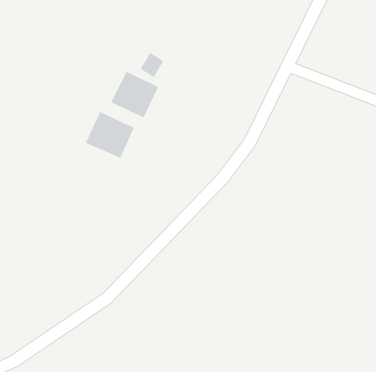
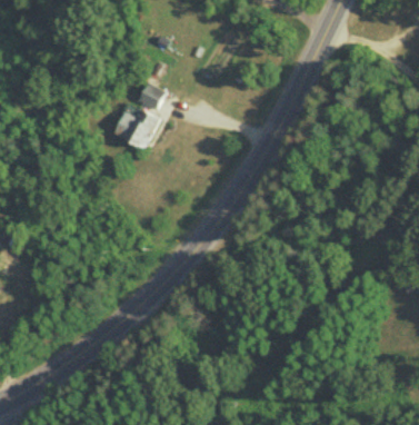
building: [85,111,134,159] -> none

